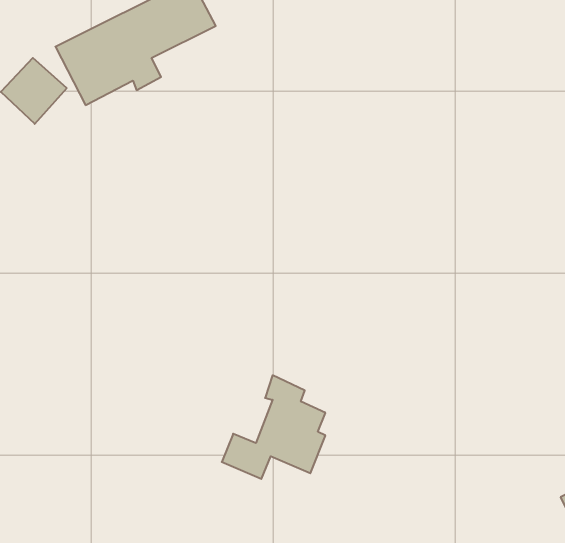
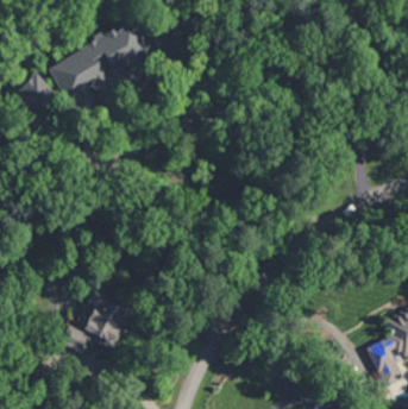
building: [222,375,325,479] -> [59,288,125,353]

